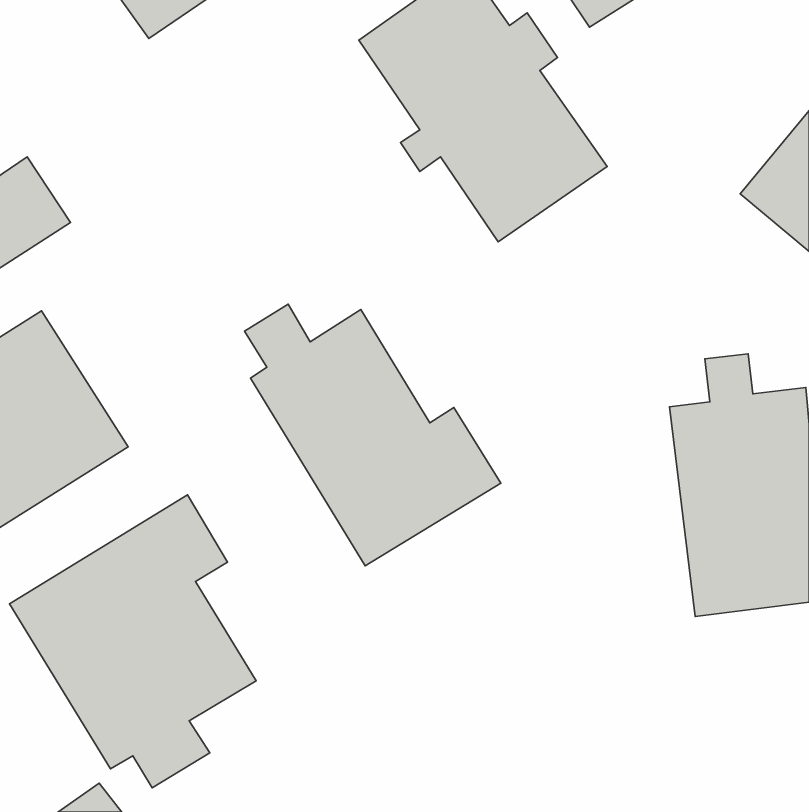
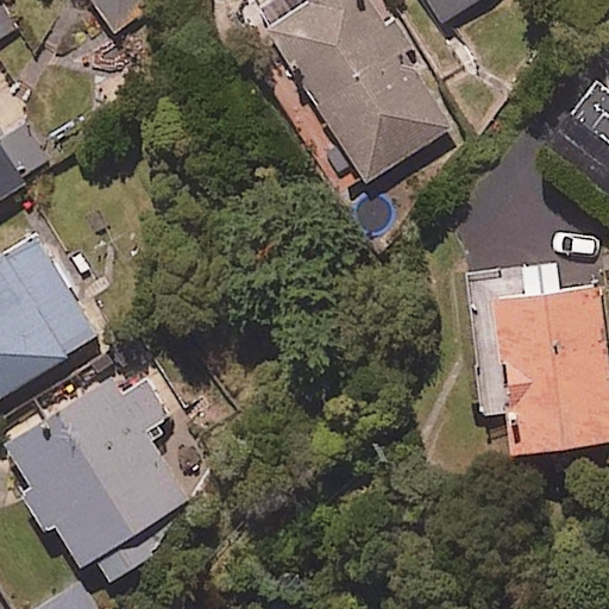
building: [244,304,501,566] -> none

